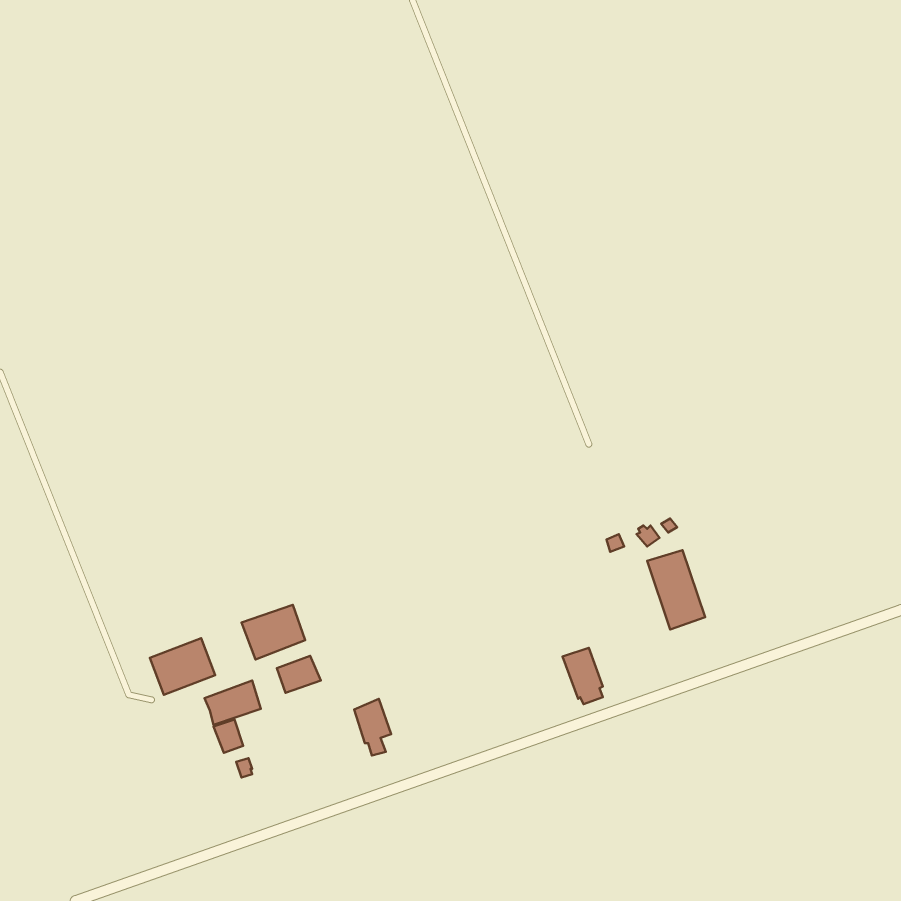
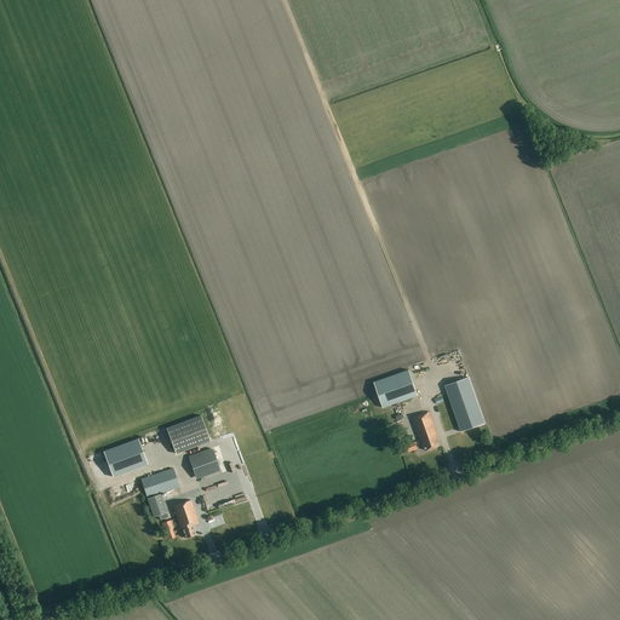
building: none -> [374,369,418,408]
building: [562,648,603,704] -> [412,412,440,450]
building: [354,699,391,755] -> [173,499,199,538]

